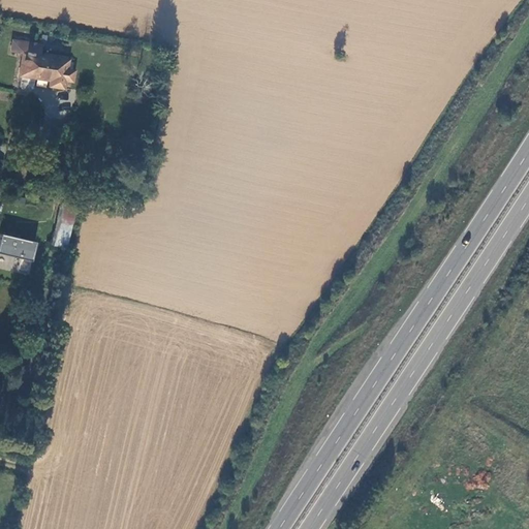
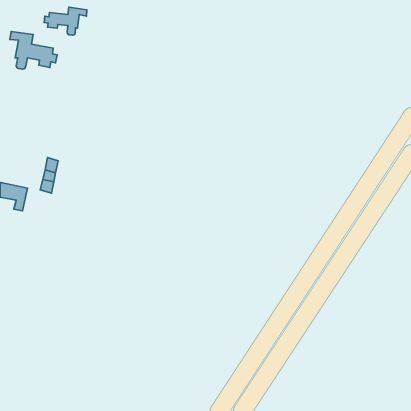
building: none -> [44,7,87,35]

